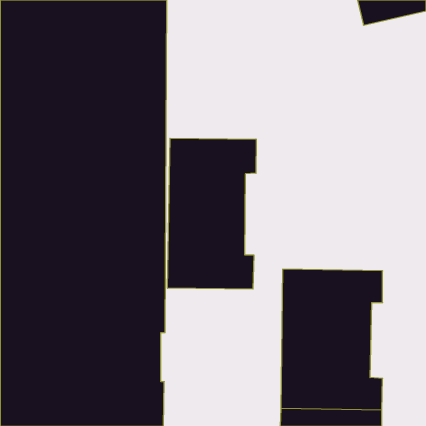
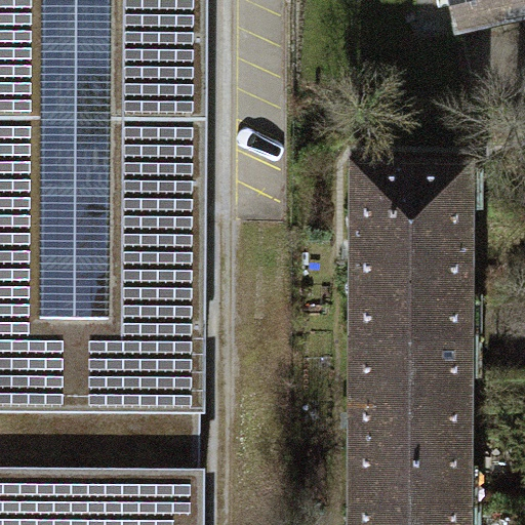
building: none -> [348,160,473,333]
building: [168,138,256,289] -> none

